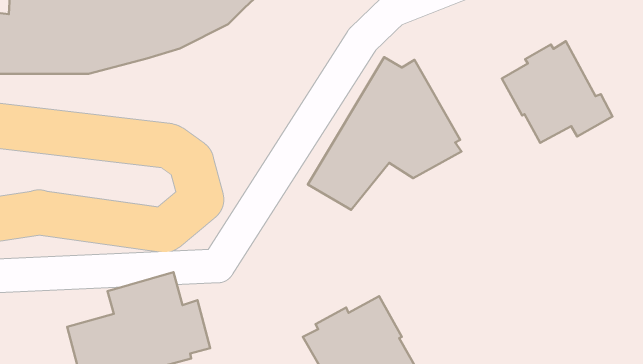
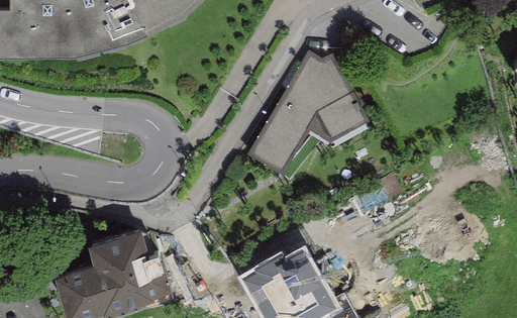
building: [502,41,613,143] -> none

